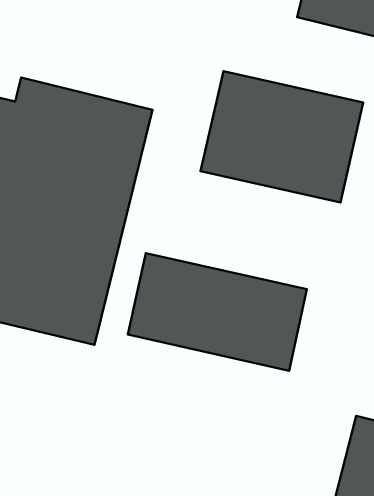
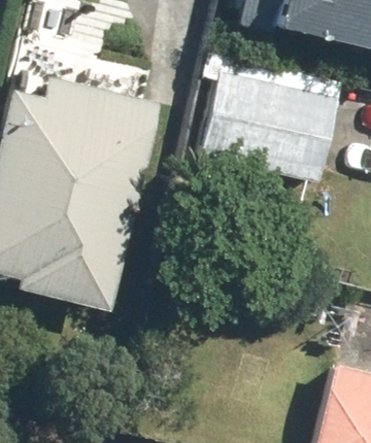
building: [128,253,307,371] -> none

